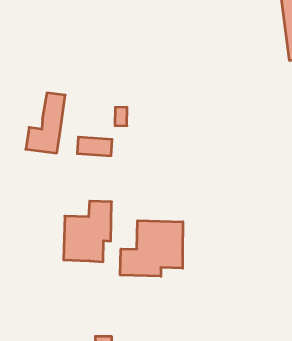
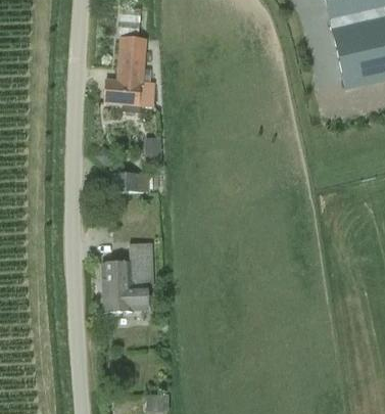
building: [26,93,65,153] -> [105,39,145,105]
building: [120,221,183,276] -> none

